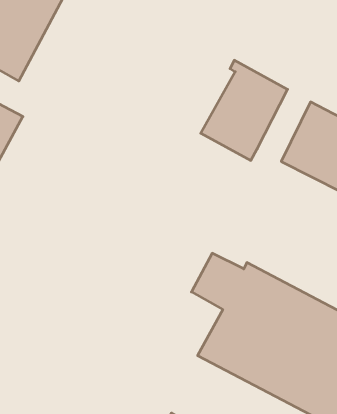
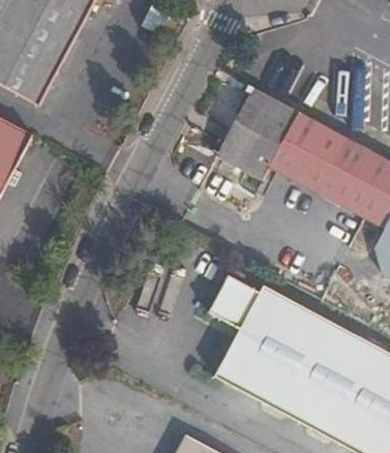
building: none -> [271,112,324,183]

